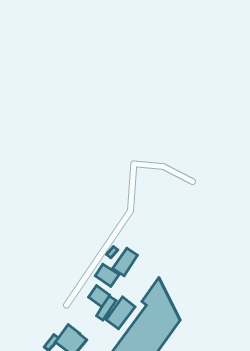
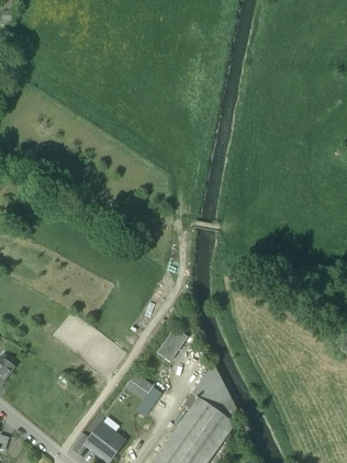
building: [95,264,119,287] -> none
building: [106,297,135,329] -> none

